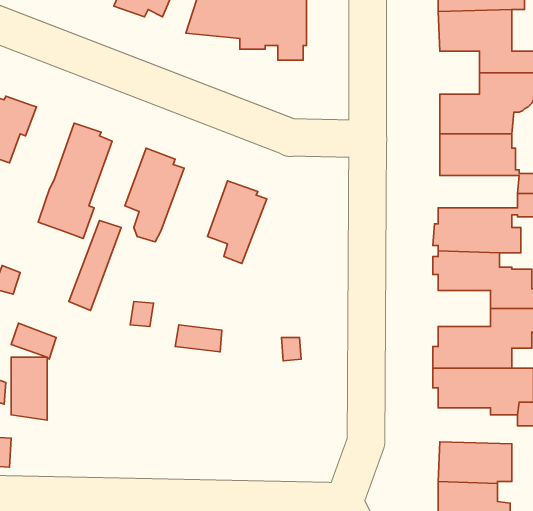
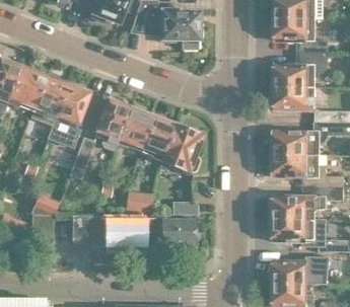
building: none -> [30,73,68,126]
building: none -> [117,107,152,147]
building: none -> [162,125,200,172]
building: none -> [75,214,196,245]

